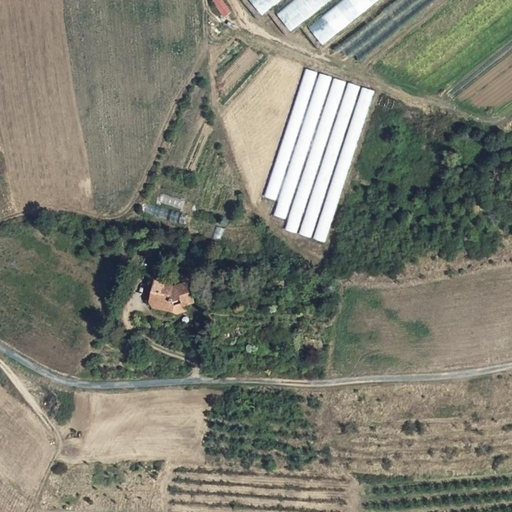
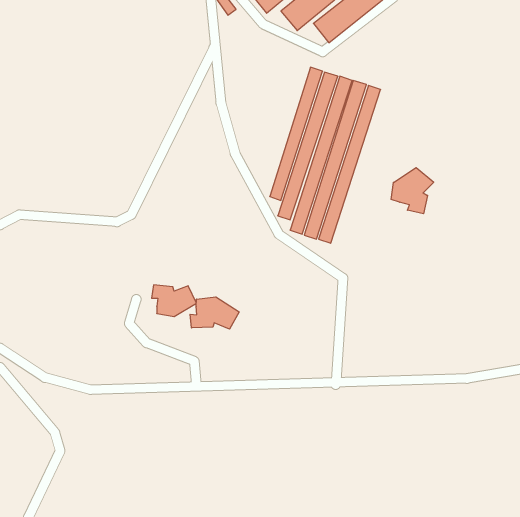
building: none -> [391,168,434,214]
building: none -> [190,297,239,329]

